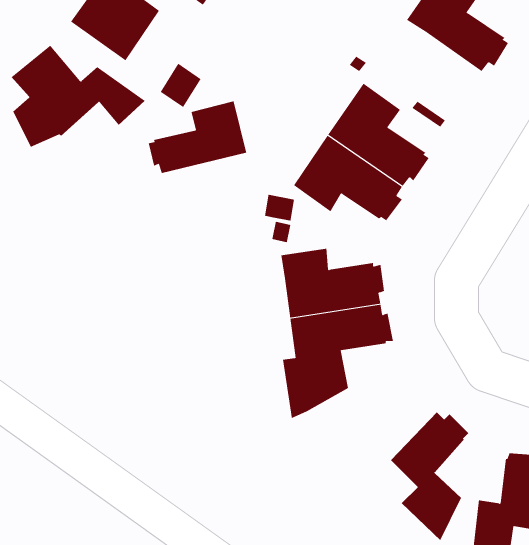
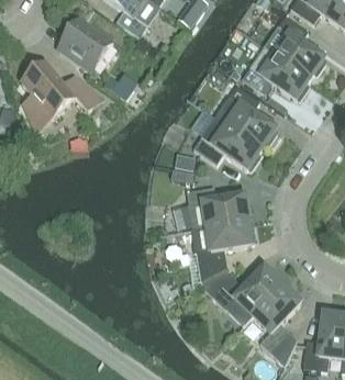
building: none -> [242,53,309,99]
building: [148,100,247,174] -> none
building: none -> [202,265,281,325]

